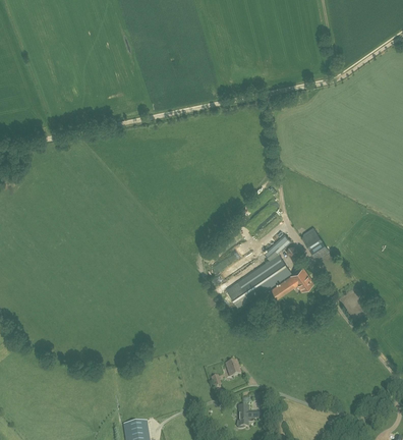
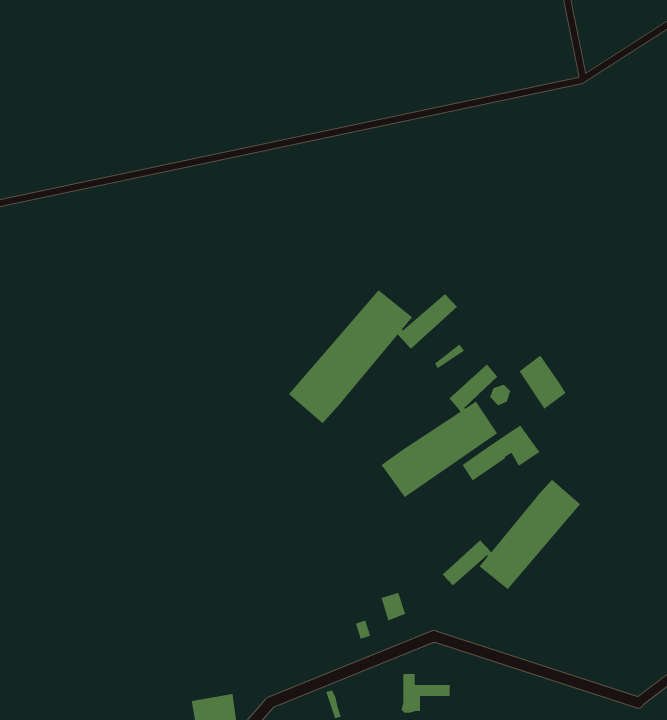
building: none -> [288,289,458,424]
building: none -> [442,479,581,590]

